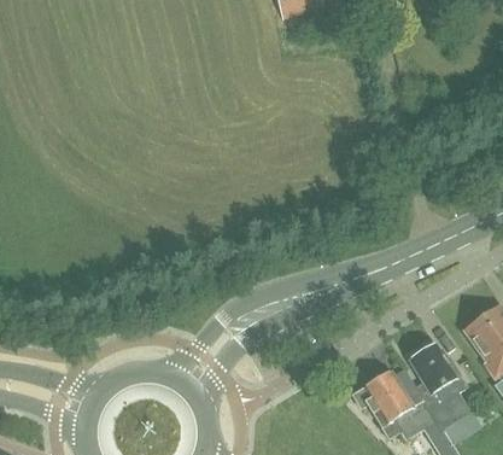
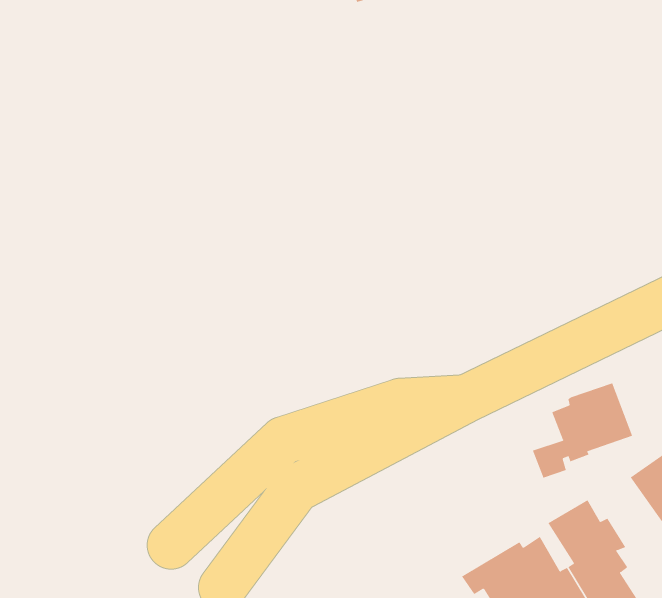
building: none -> [532,383,633,479]

